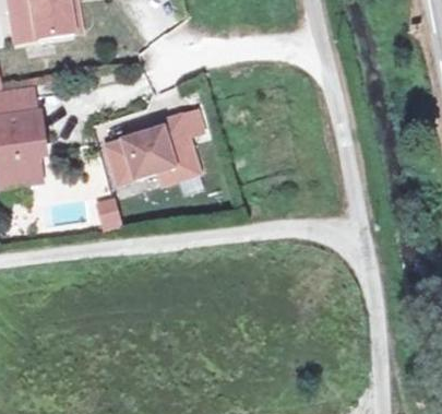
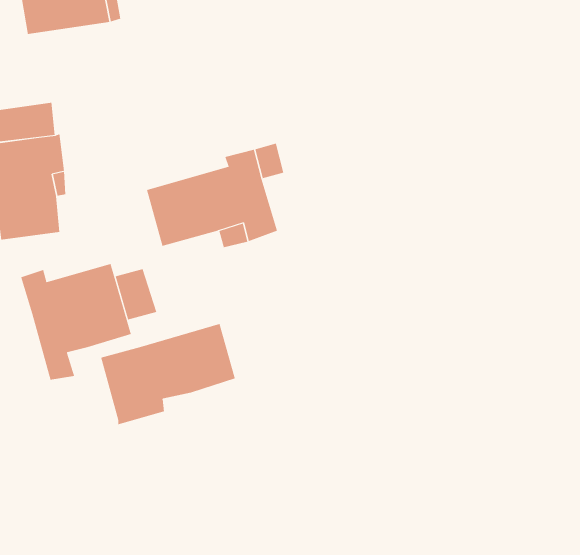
building: none -> [21,263,132,380]
building: none -> [100,323,236,425]

